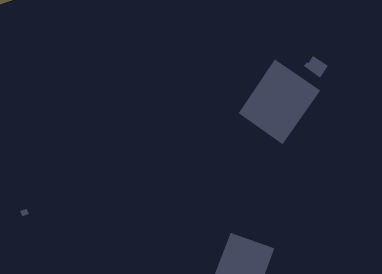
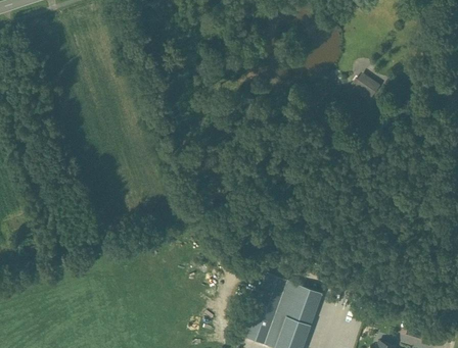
building: [238,58,321,145] -> none

